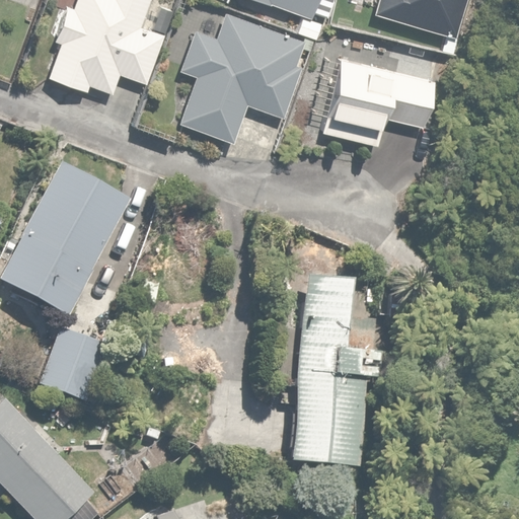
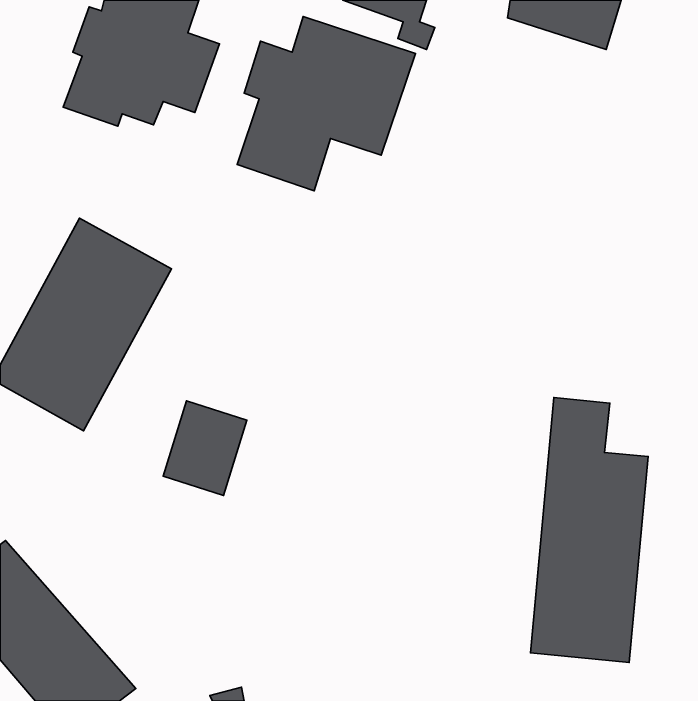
building: [319,55,436,146] -> none
building: [290,274,377,469] -> [530,398,648,662]
building: [40,329,101,399] -> [163,401,247,495]

